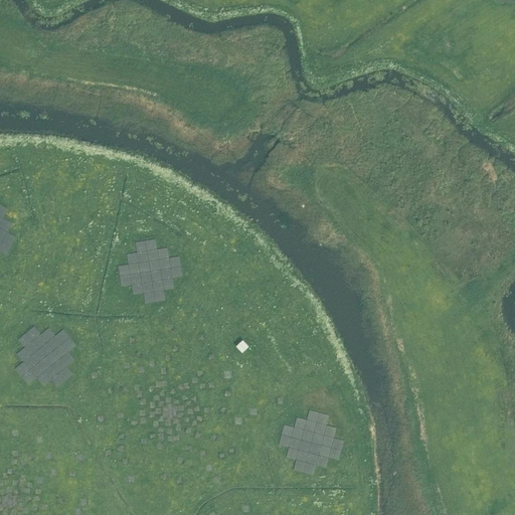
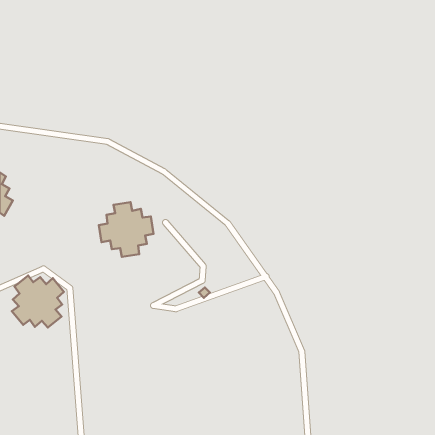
building: [278,409,343,475] -> none

